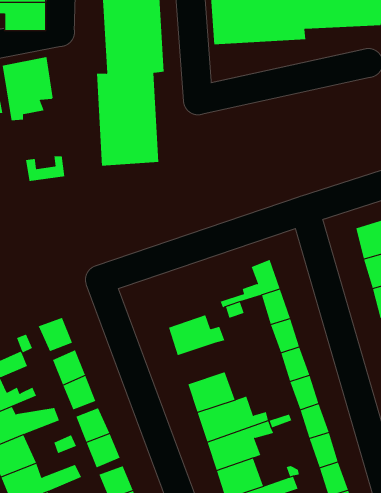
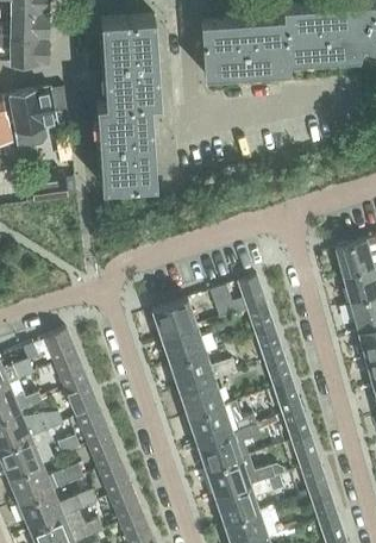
building: none -> [152,299,196,338]
building: none -> [170,352,236,391]

